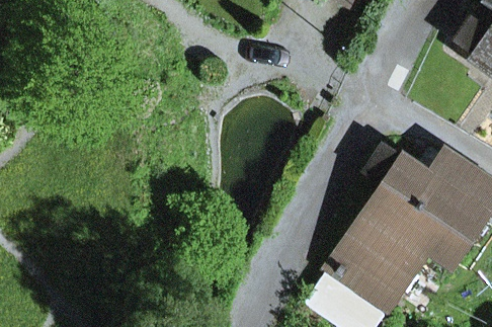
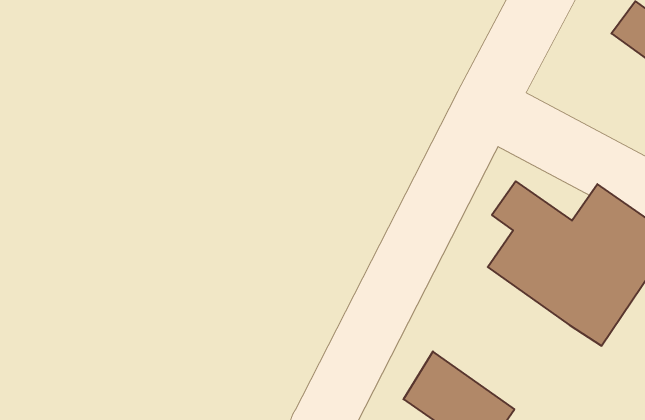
building: [329,208,427,310] -> none

